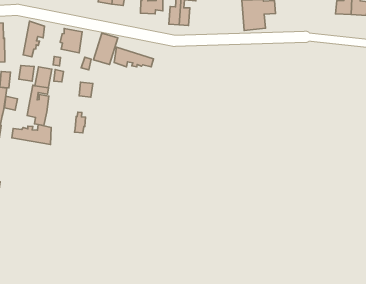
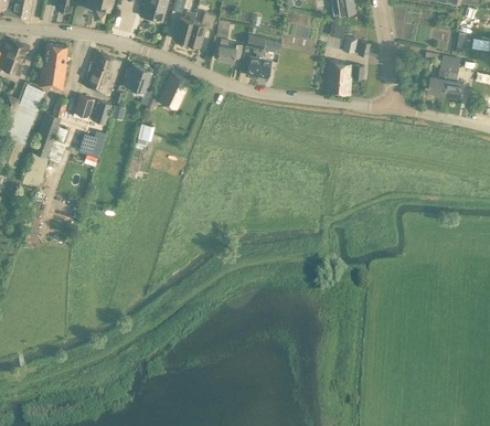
building: none -> [93,56,120,94]
building: [114,47,153,67] -> none
building: [12,124,51,145] -> none

